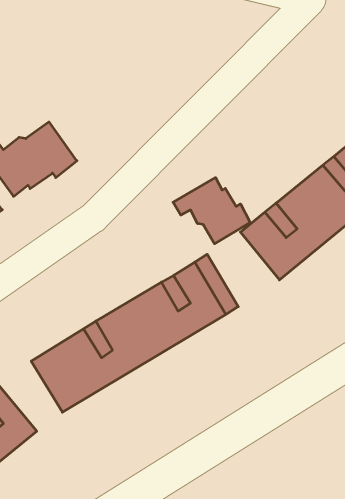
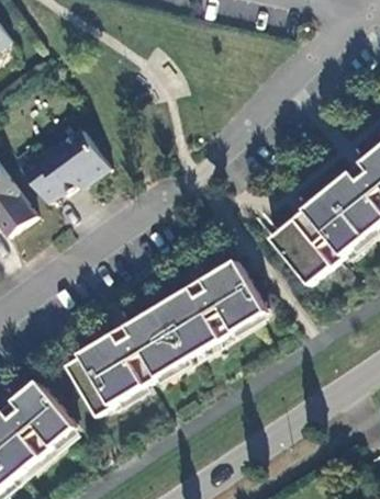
building: [173,178,250,244] -> none

